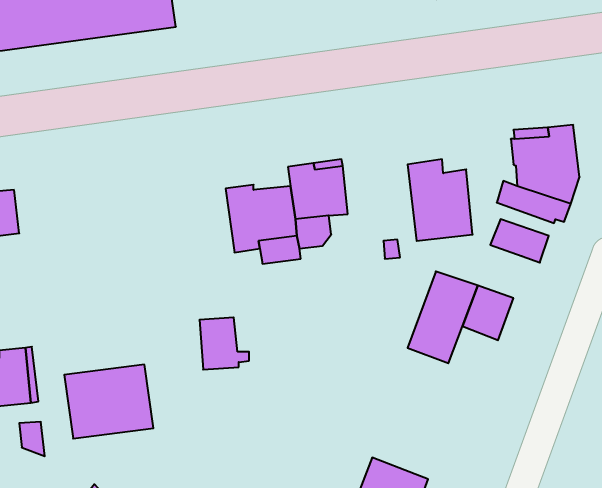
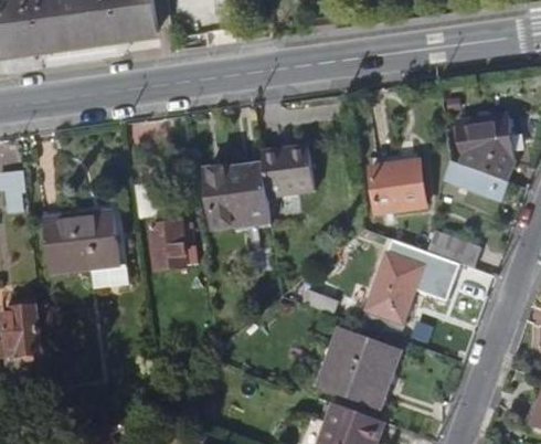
building: [490,219,549,263] -> [428,233,479,271]
building: [199,317,249,370] -> [151,225,194,271]
building: [64,365,153,439] -> [42,211,119,275]
building: none -> [321,335,394,406]

